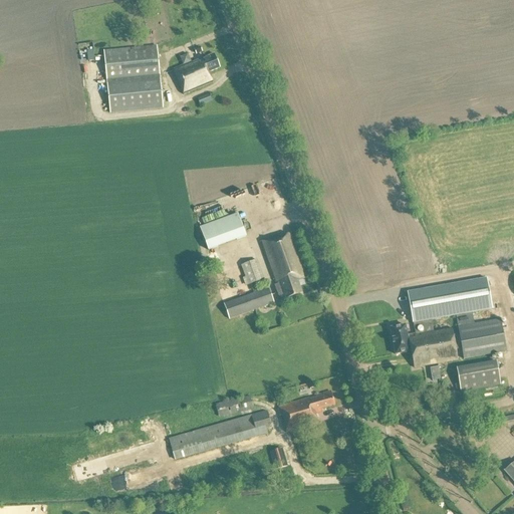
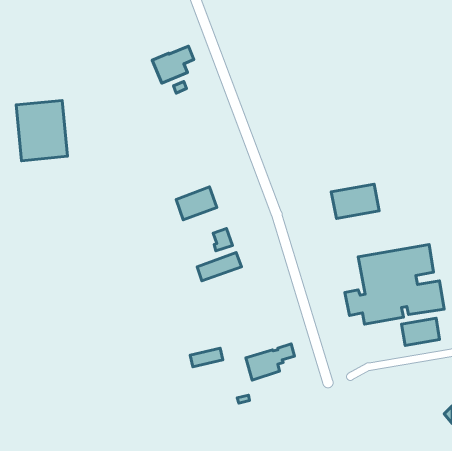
building: [104,43,163,111] -> [16,101,67,161]
building: none -> [331,184,379,219]
building: [260,233,306,299] -> none
building: [169,409,270,459] -> none

